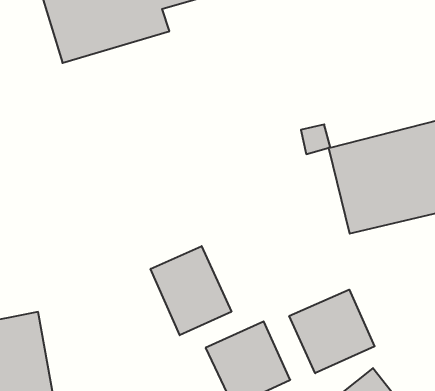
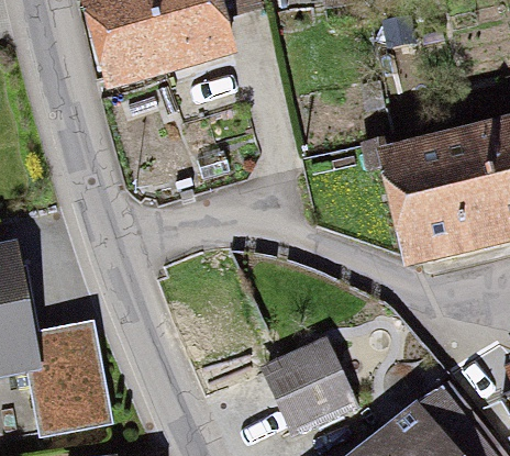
building: [151,246,231,335] -> none
building: [289,290,375,373] -> none

